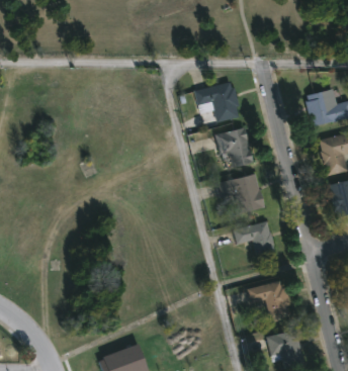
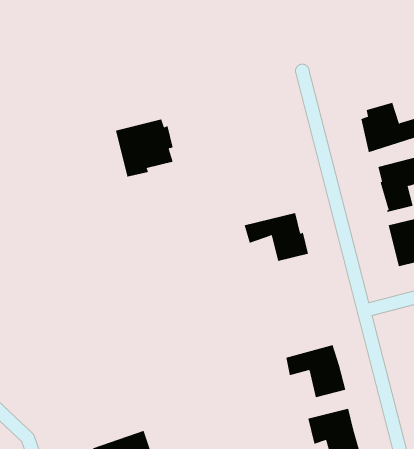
building: [193,82,239,127] -> [115,119,173,177]
building: [214,127,253,168] -> none
building: [233,220,276,259] -> none

